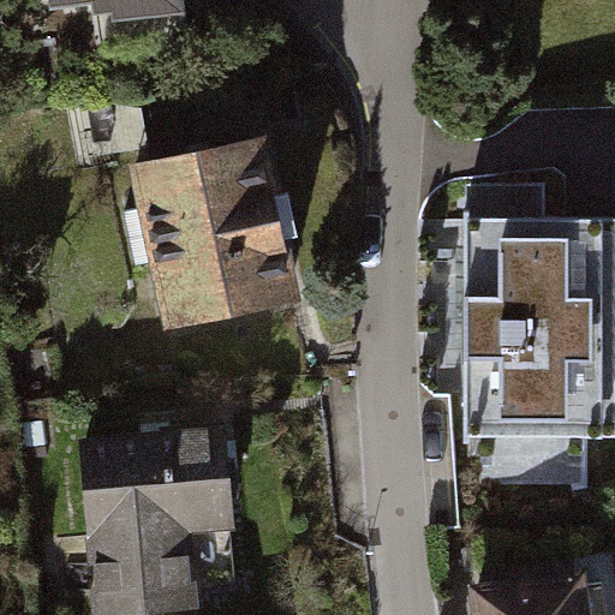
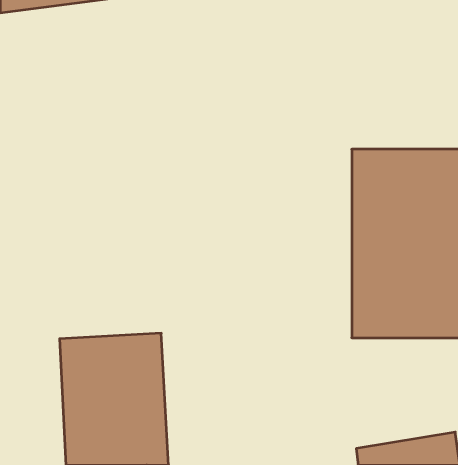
building: [130,142,293,330] -> none

